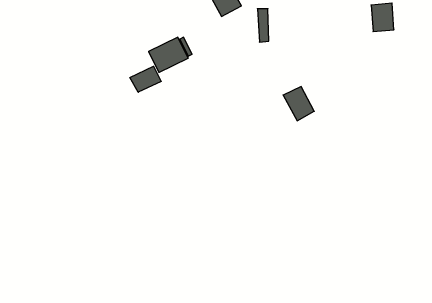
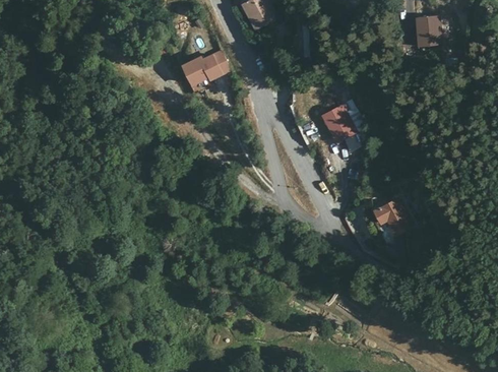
building: [130,66,161,92] -> none
building: none -> [375,199,412,238]

